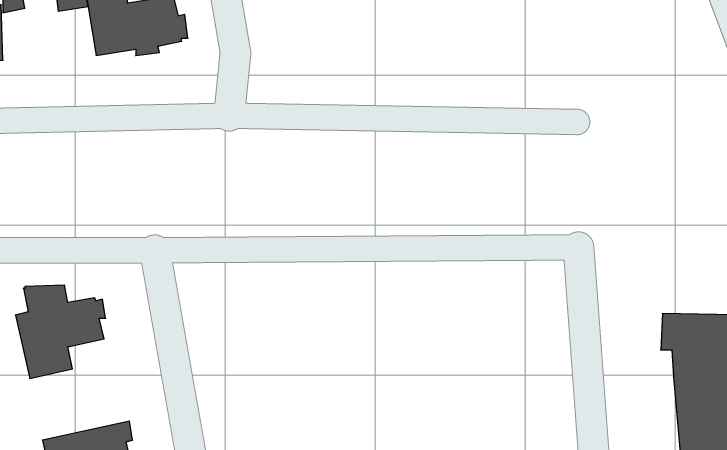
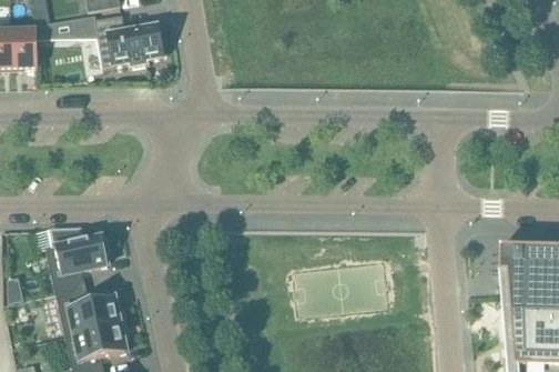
building: none -> [55,284,125,334]

